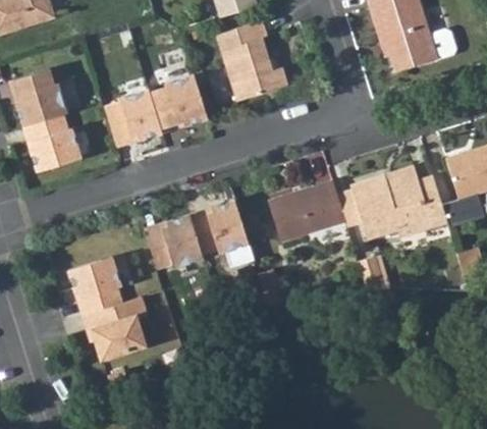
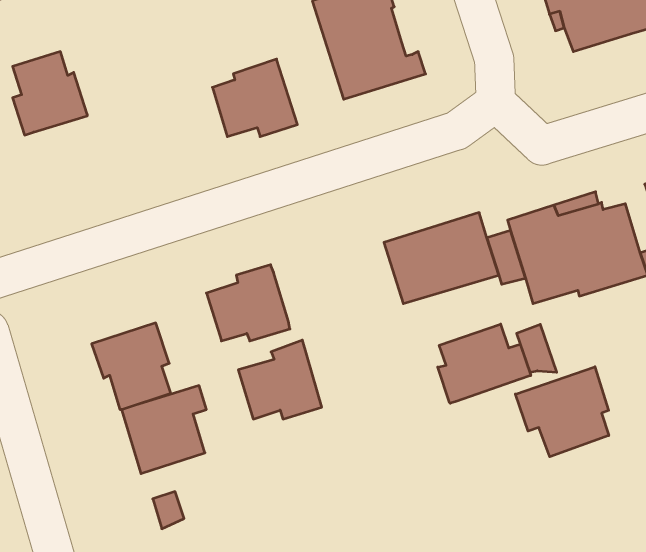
building: [104,90,162,142] -> none
building: [28,114,78,170] -> none
building: [192,200,249,254] -> [238,340,322,419]
building: none -> [438,324,531,403]
building: none -> [515,367,609,457]

